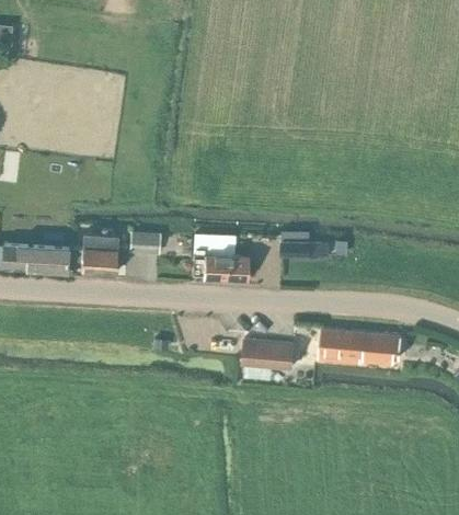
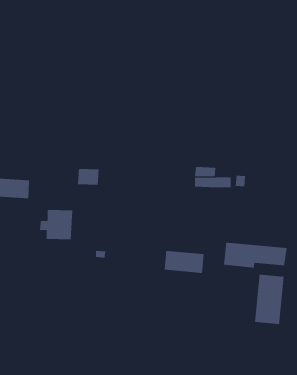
building: [73,233,117,273] -> [39,209,73,240]
building: [193,234,249,282] -> none
building: none -> [255,274,284,325]

